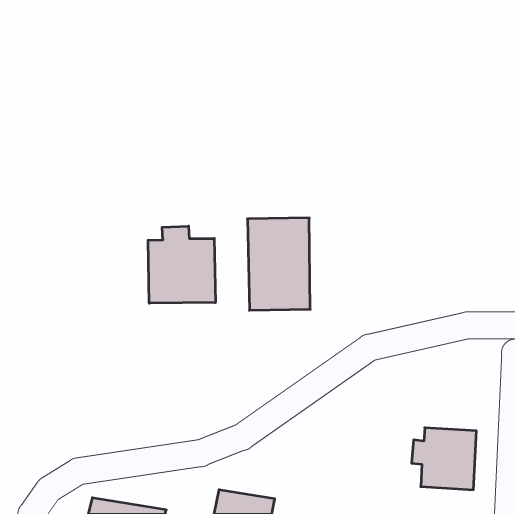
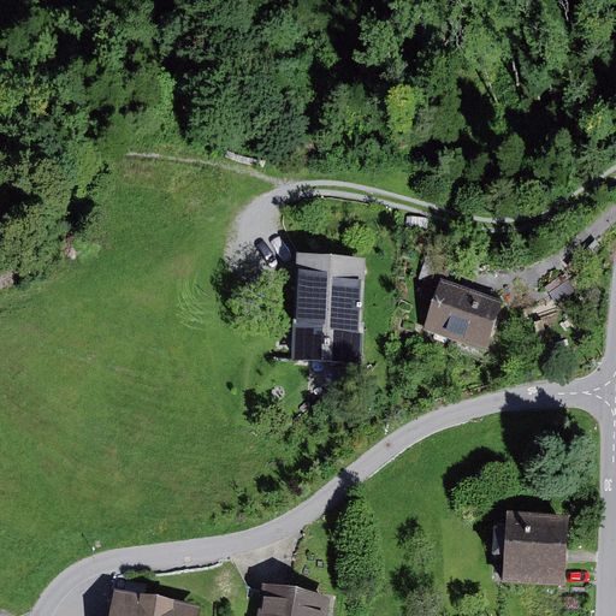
building: [148,226,215,303] -> none
building: none -> [426,284,508,354]

